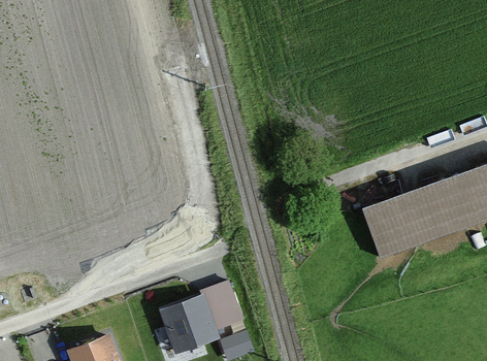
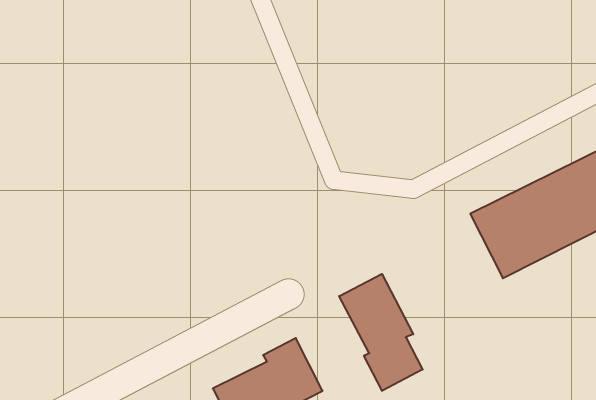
building: none -> [339,274,423,391]

